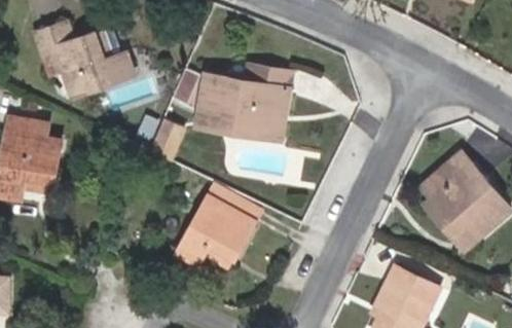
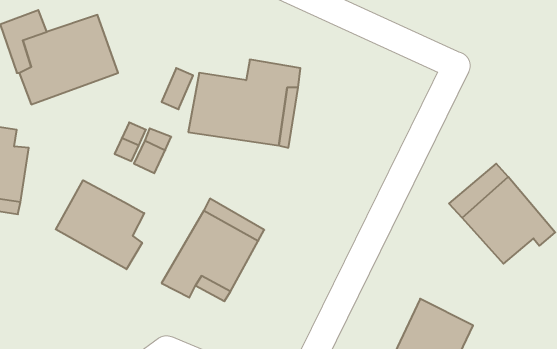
building: none -> [56,180,144,269]
building: [420,198,495,251] -> none

